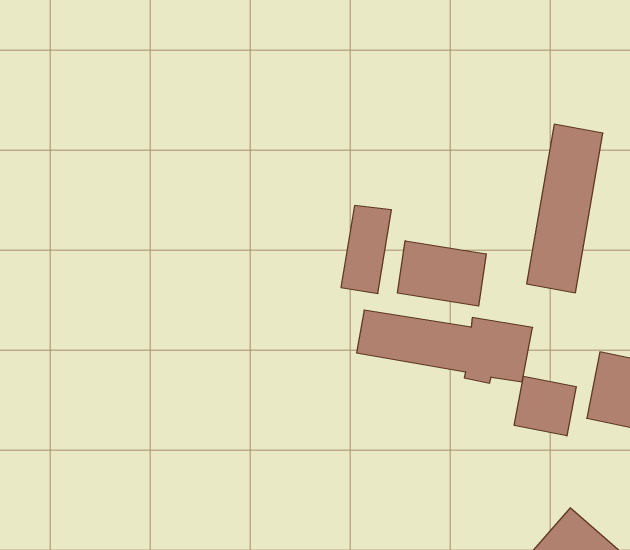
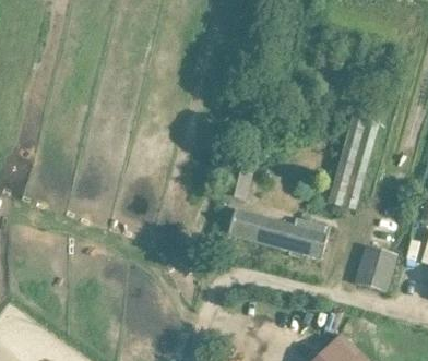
building: [398,241,486,306] -> none
building: [514,376,576,436] -> none

